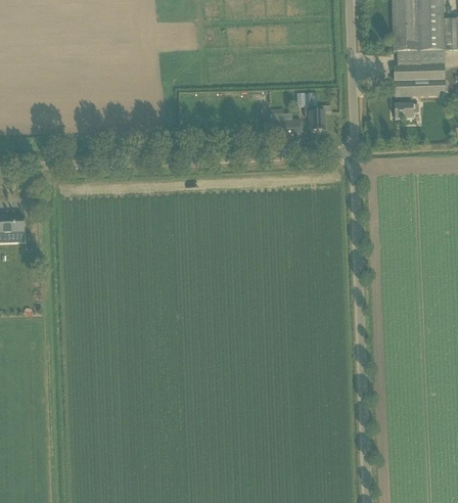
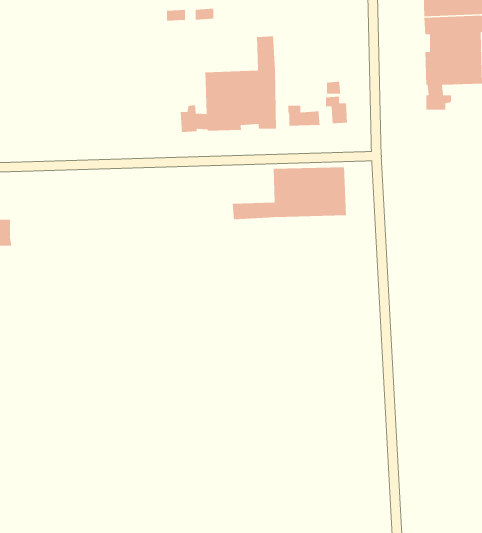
building: none -> [180,35,277,133]
building: none -> [232,166,347,220]

